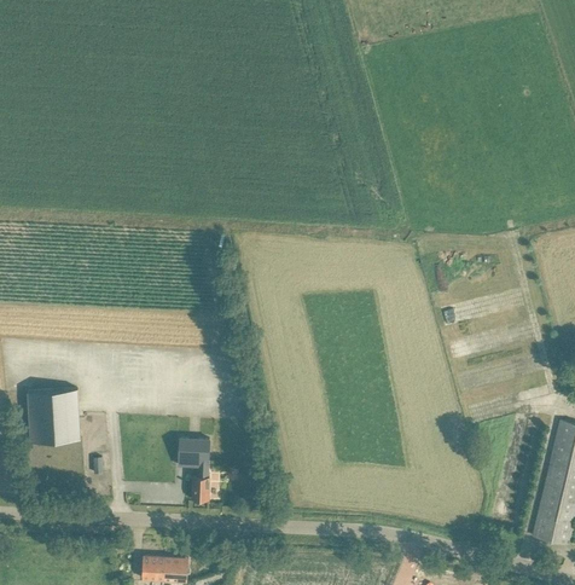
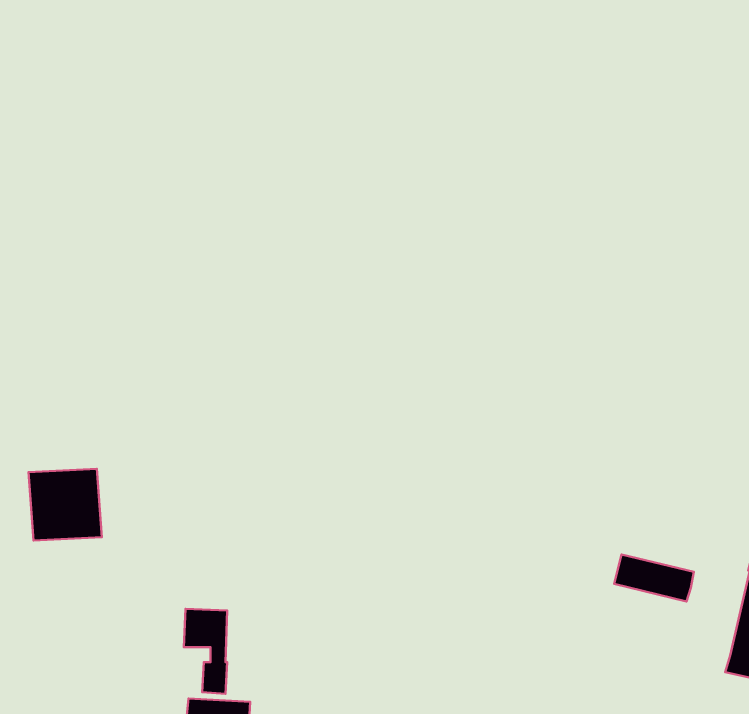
building: [178,439,209,500] -> [184,609,227,694]
building: none -> [614,554,694,601]

